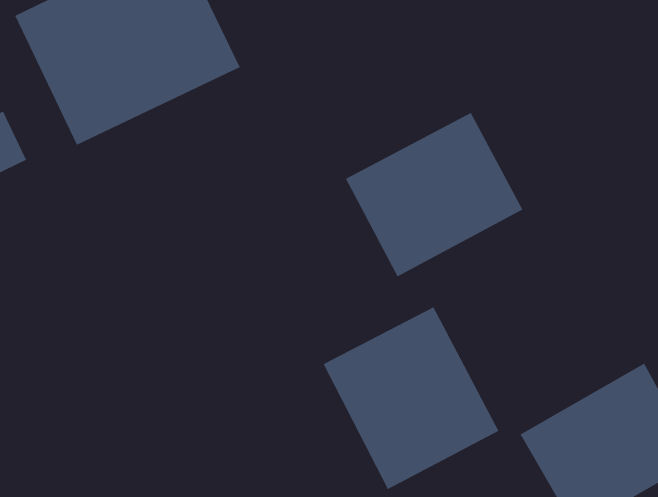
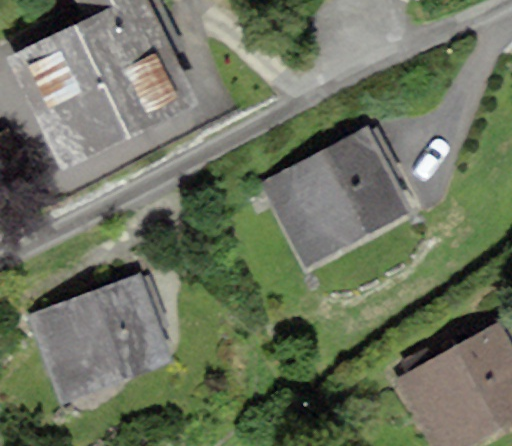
building: none -> [38,278,164,391]
building: [323,306,500,490] -> none

